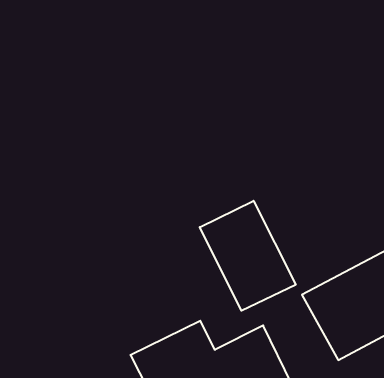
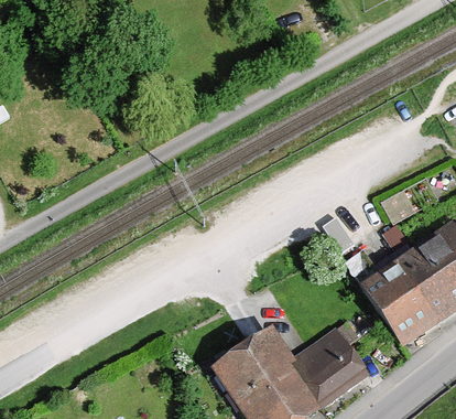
building: [200,201,296,311] -> none

